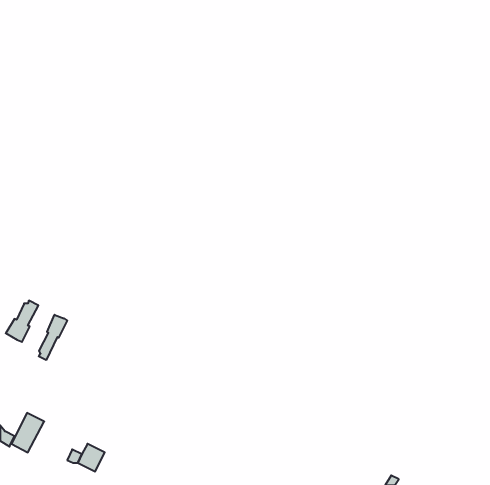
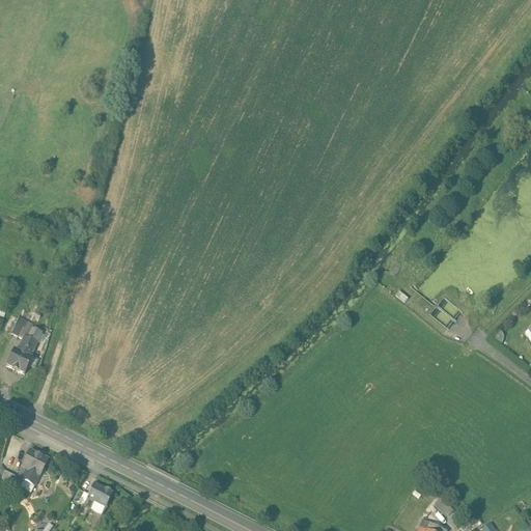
building: [39,315,67,360] -> none

